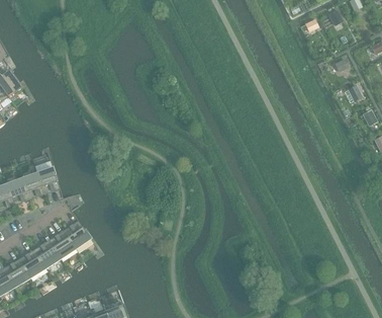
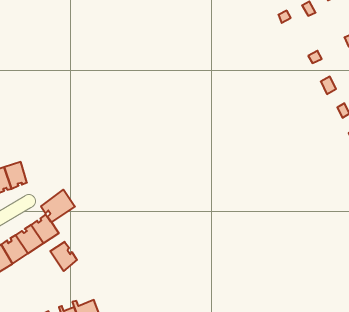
building: none -> [41,190,75,222]
building: none -> [50,242,77,271]

